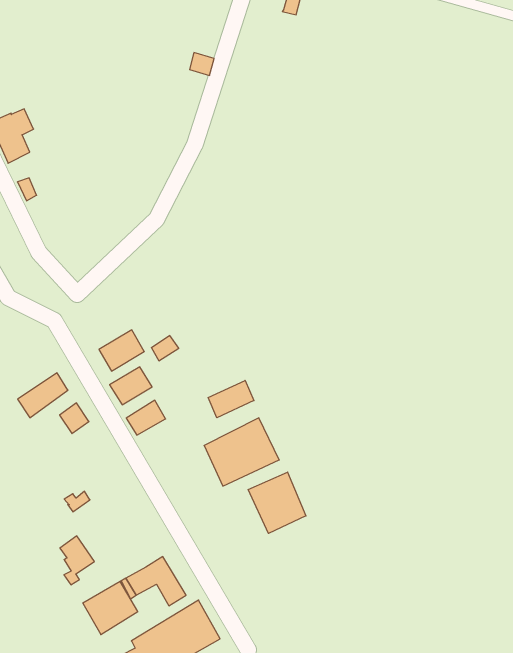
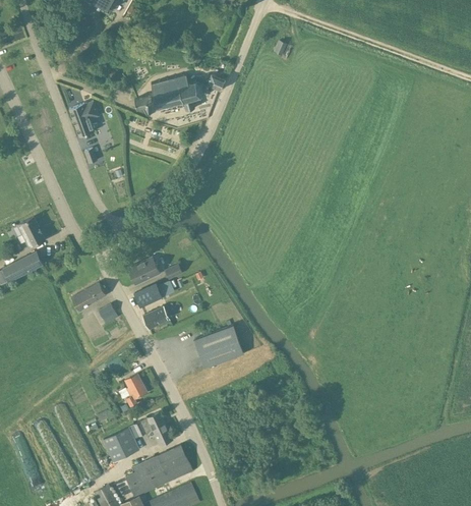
building: none -> [135,73,205,111]
building: [208,380,254,418] -> none
building: [248,472,306,533] -> none
building: [60,536,94,585] -> [125,374,148,406]

